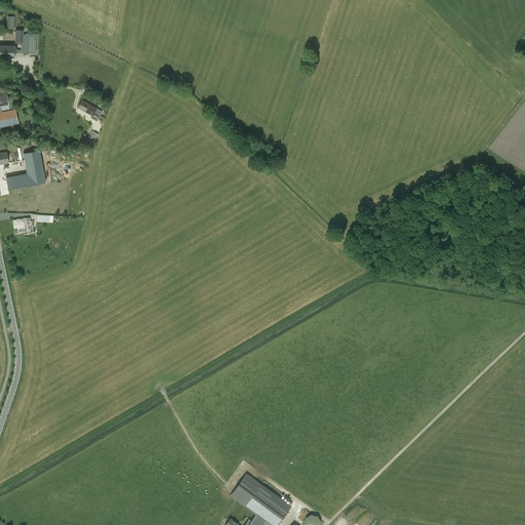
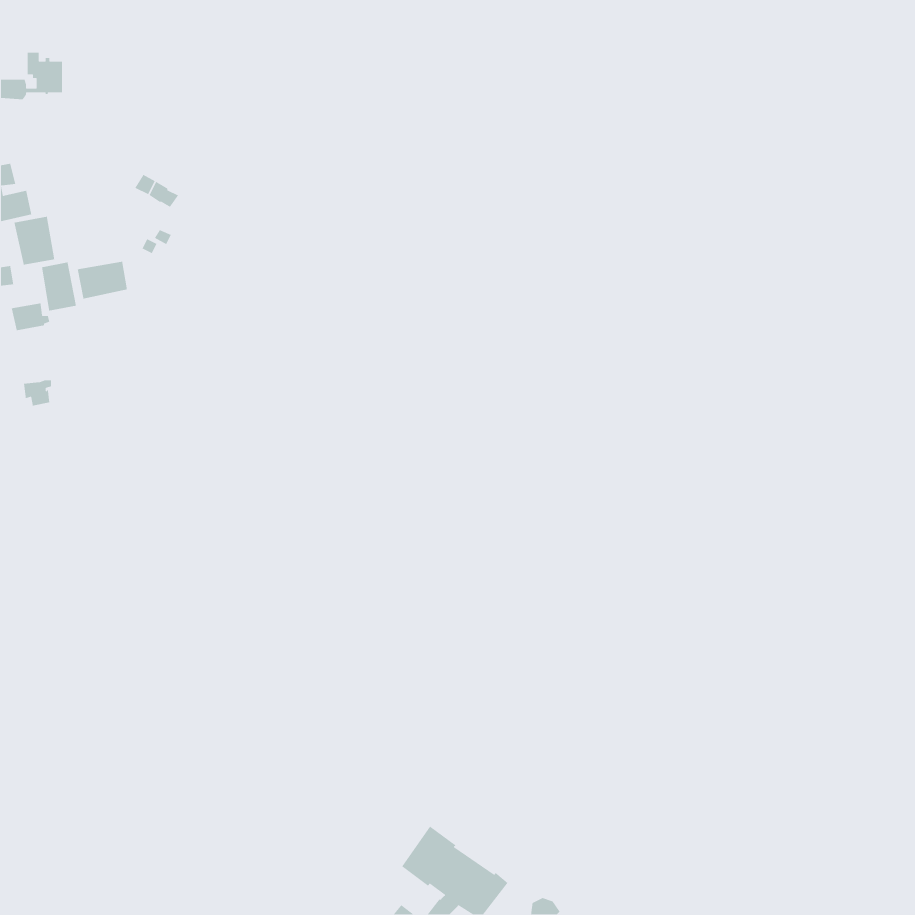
building: none -> [14,216,55,265]
building: none -> [77,261,128,299]

